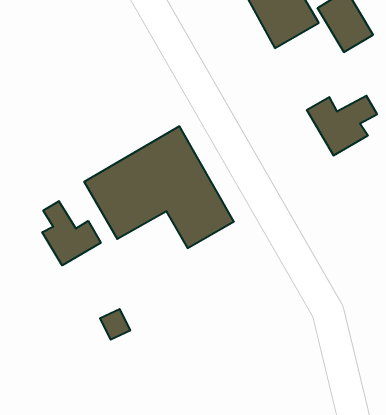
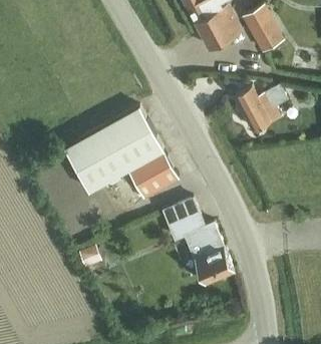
building: [42,201,101,265] -> none
building: none -> [163,199,234,285]

